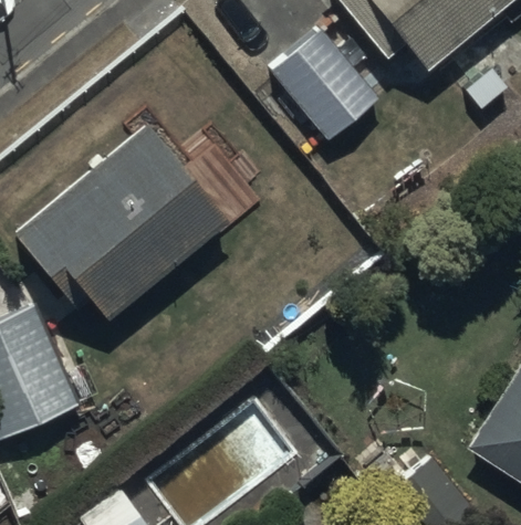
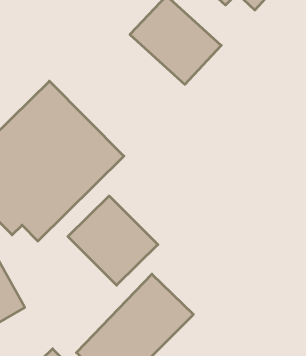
building: none -> [68,196,158,285]

